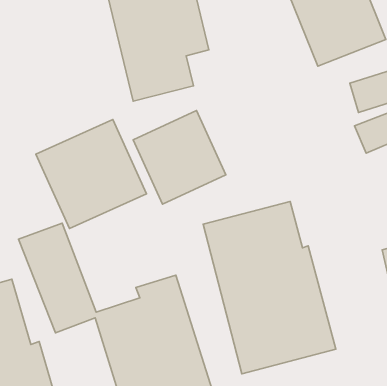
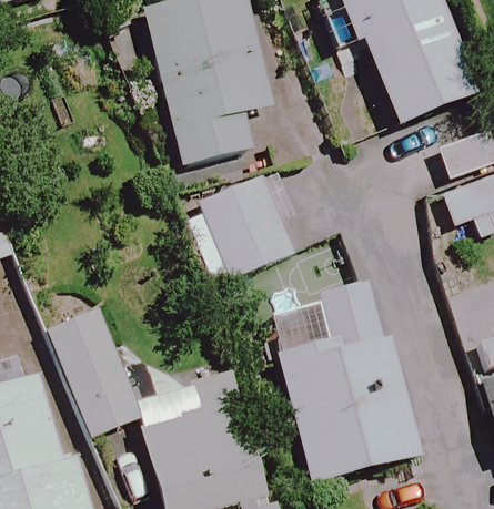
building: [36,120,147,228] -> none

